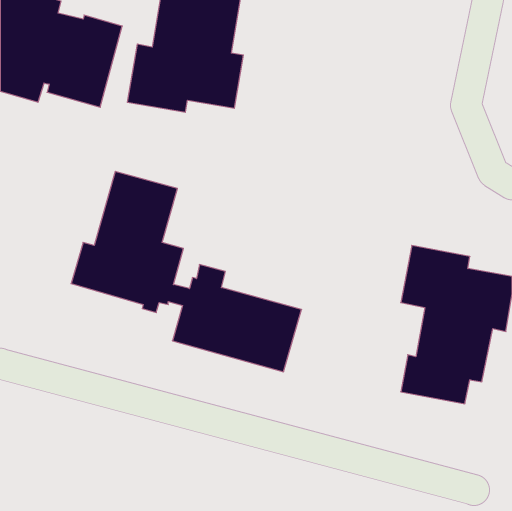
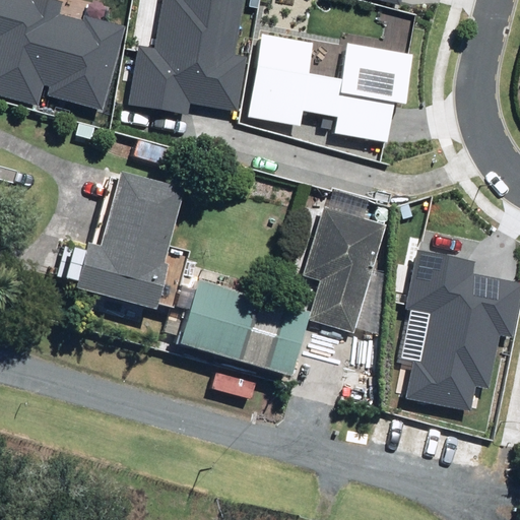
building: none -> [247,31,414,140]
building: none -> [305,207,387,333]

